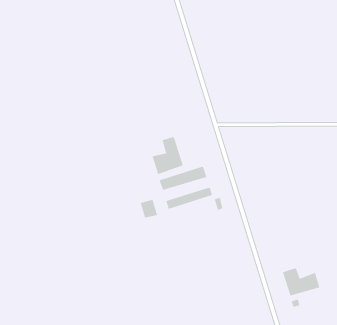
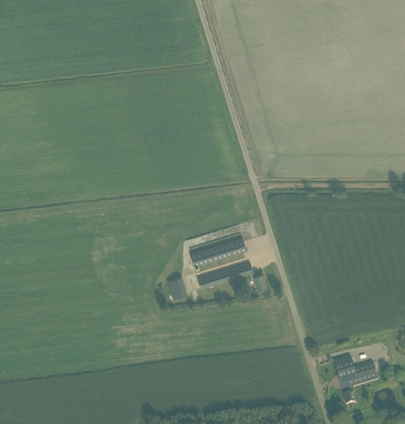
building: [152,136,183,175] -> none

